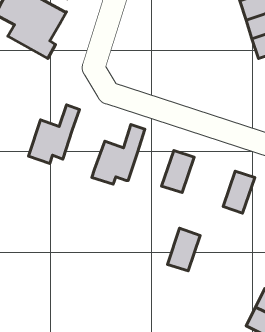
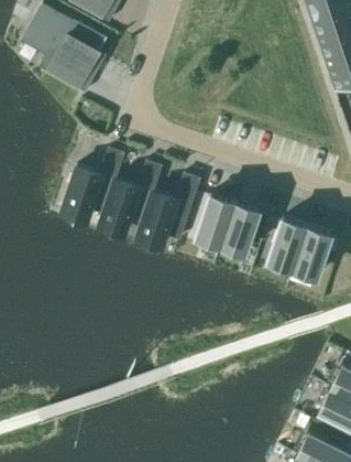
building: none -> [100,160,163,230]
building: none -> [197,195,234,245]
building: [168,228,200,271] -> [268,218,307,269]

